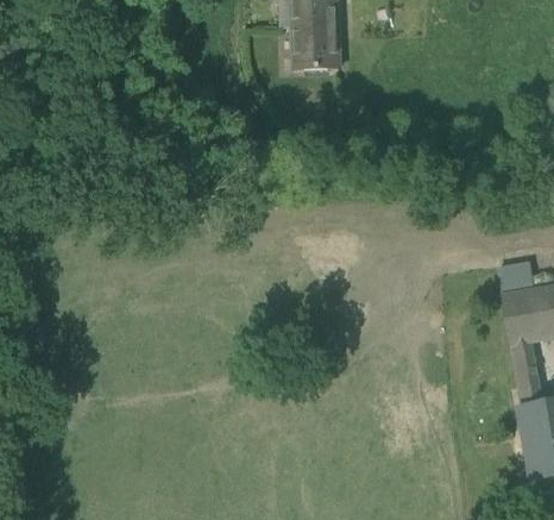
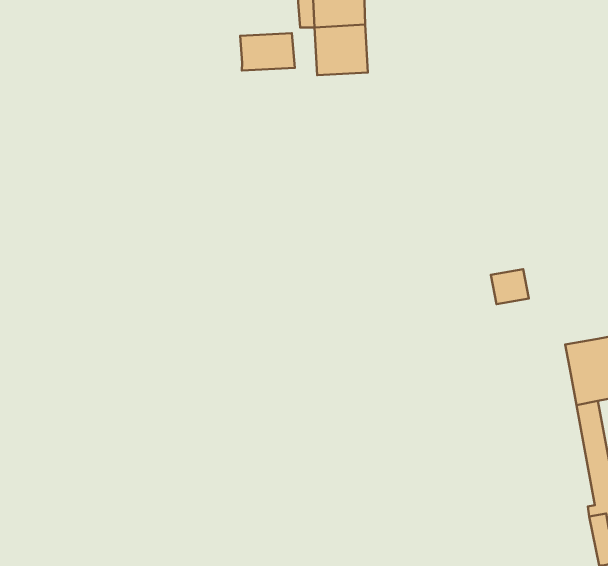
building: none -> [240,33,295,71]
building: [498,264,530,294] -> [491,269,529,304]

